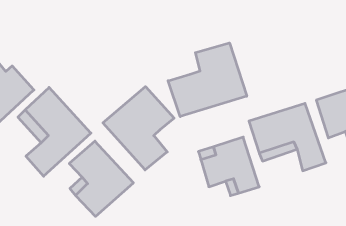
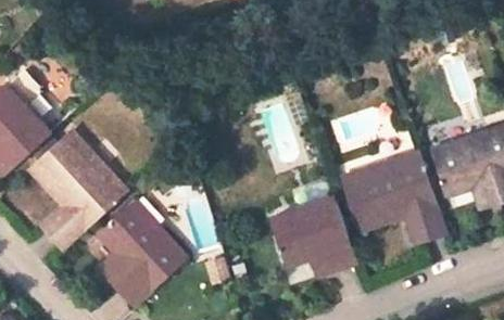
building: [168,43,247,117] -> none
building: [103,87,174,170] -> none

